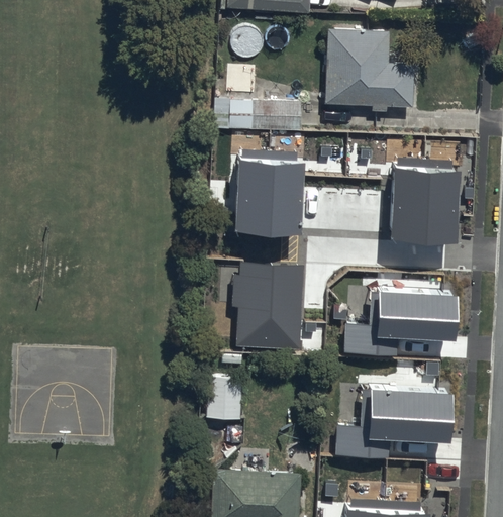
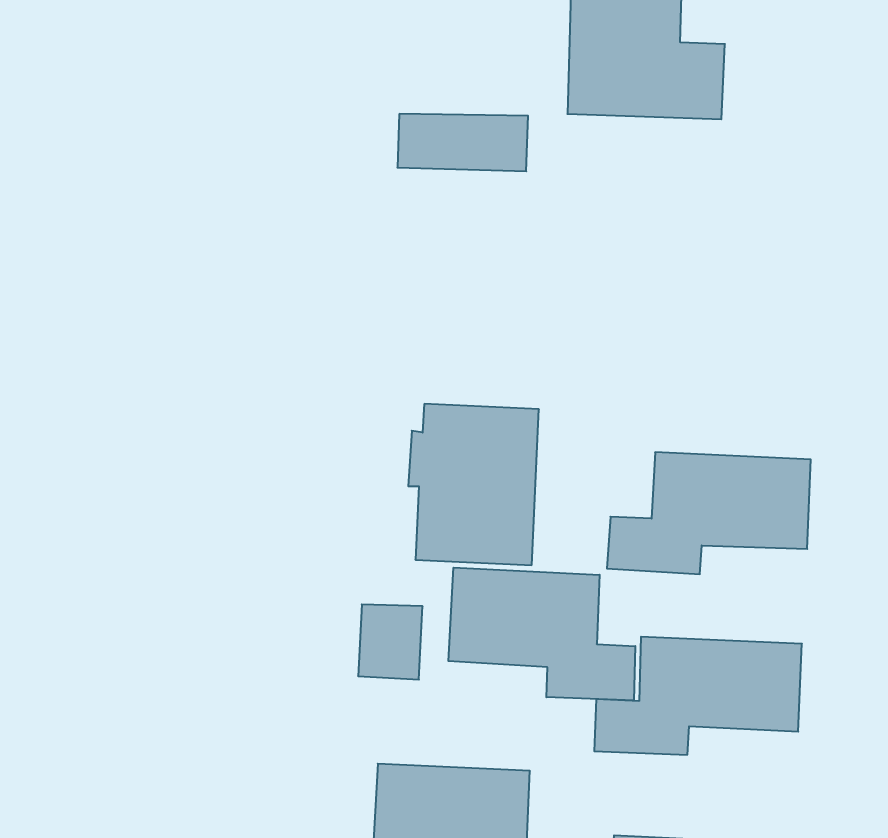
building: [235,158,304,237] -> none
building: [392,168,463,246] -> none
building: none -> [448,568,635,700]

